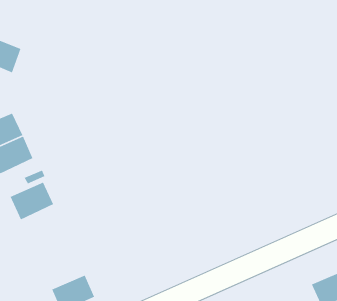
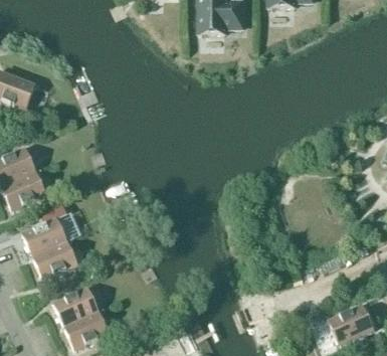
building: none -> [33,240,77,280]
building: none -> [53,287,99,326]

